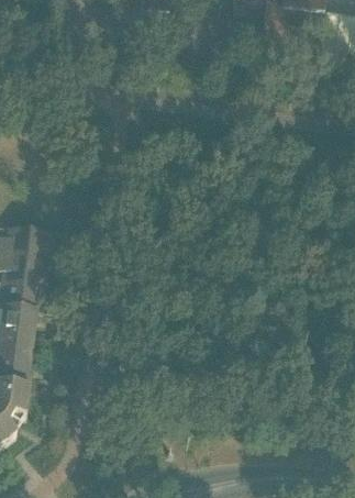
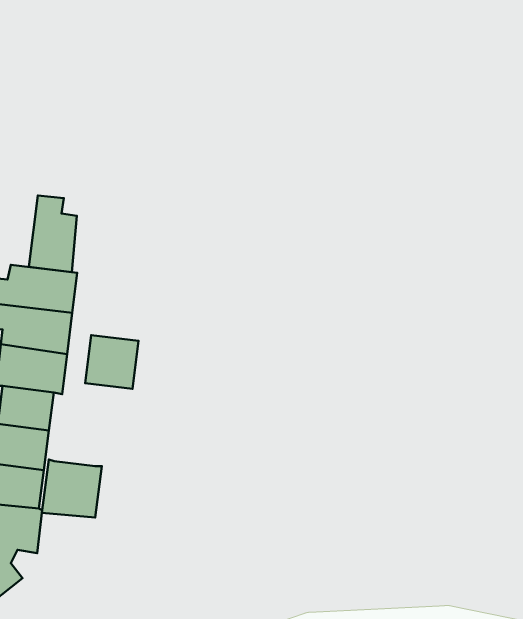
building: none -> [29,195,77,272]
building: none -> [85,335,138,389]
building: none -> [42,459,102,518]

